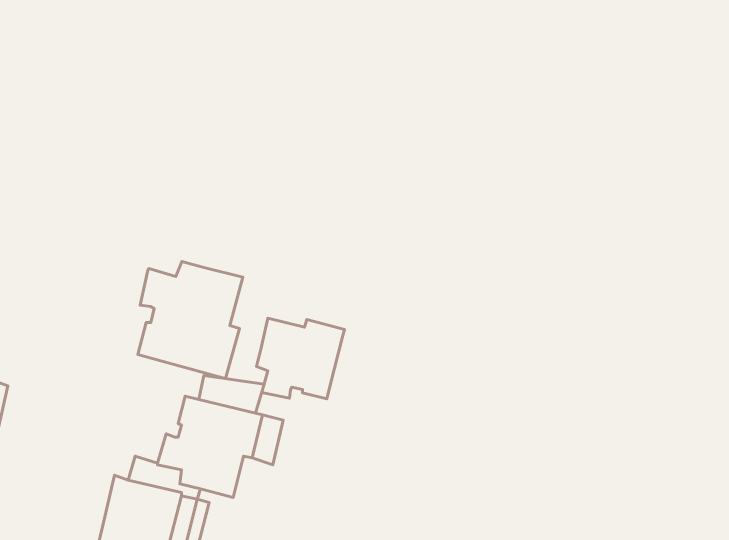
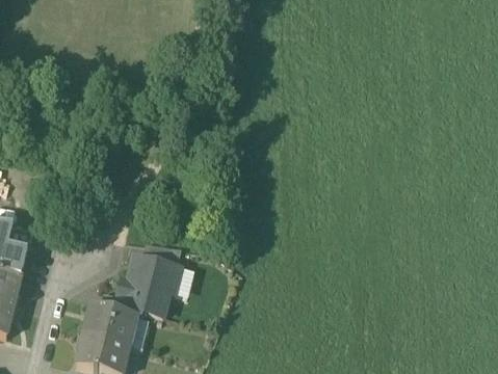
building: [138,262,243,379] -> none
building: [256,318,344,399] -> none

